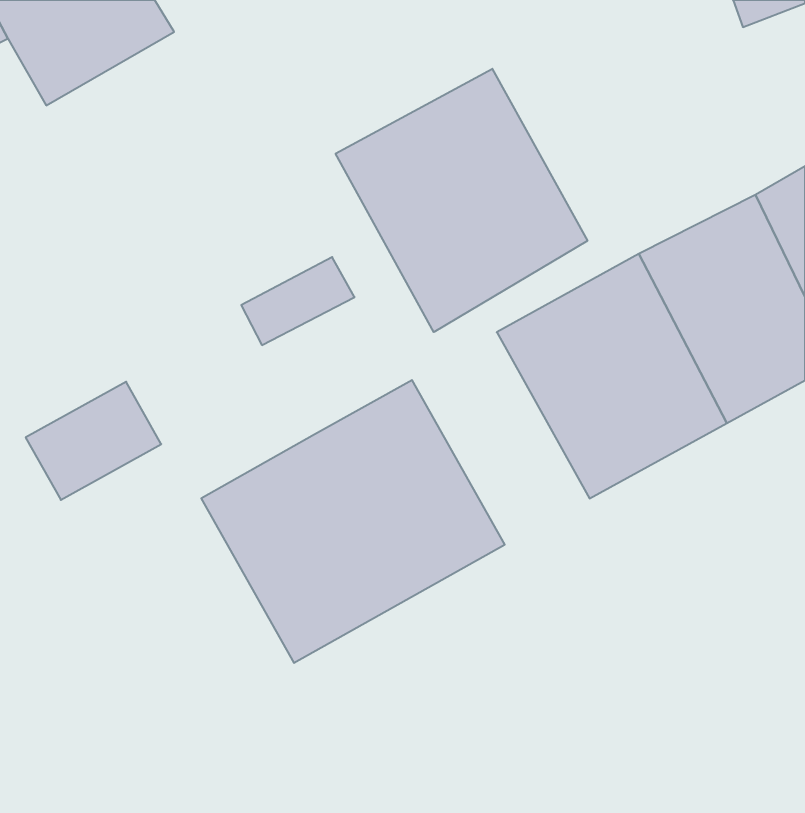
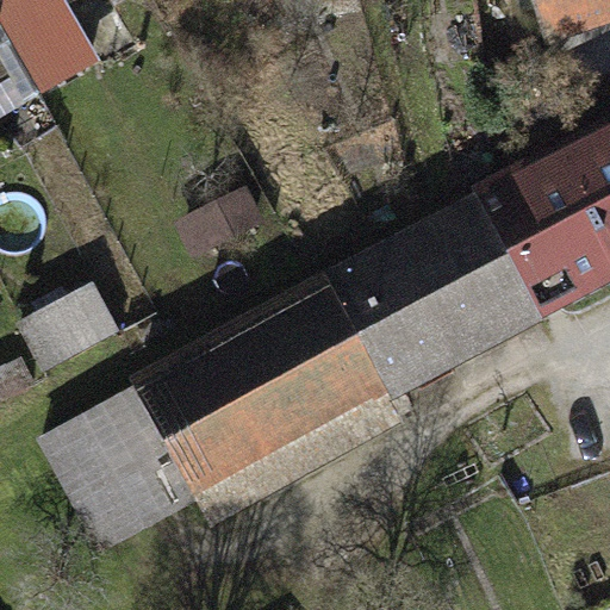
building: [336,69,587,332] -> none
building: none -> [307,250,440,409]
building: none -> [44,374,219,556]

